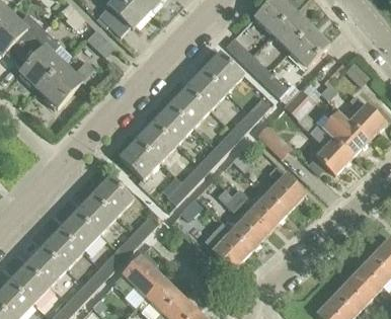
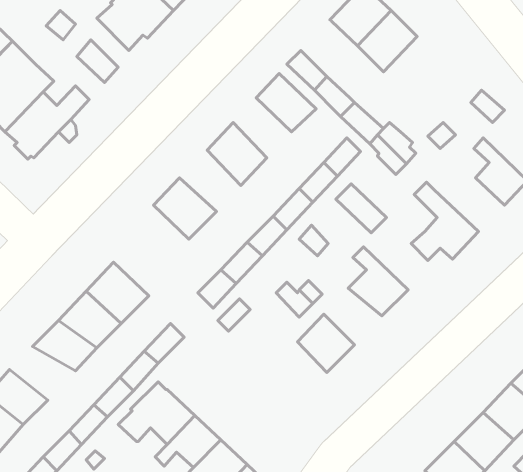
building: [289,27,329,68] -> none
building: [189,68,228,107] -> none
building: [154,102,194,143] -> none
building: [322,106,369,156] -> none
building: [120,139,160,179] -> none
building: [249,193,288,231] -> none
building: [204,223,251,269] -> none
building: [42,232,85,267] -> none

